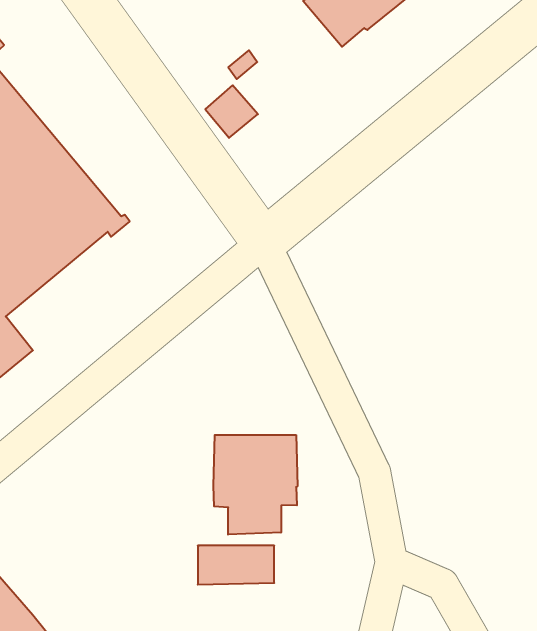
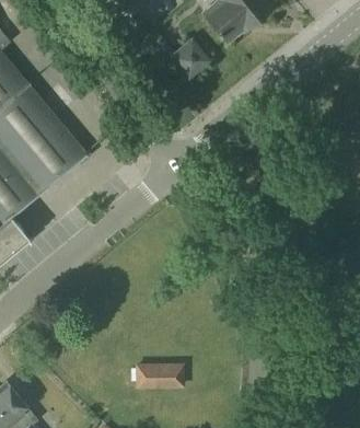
building: [205,85,258,138] -> [173,41,207,74]
building: [213,435,298,535] -> none

